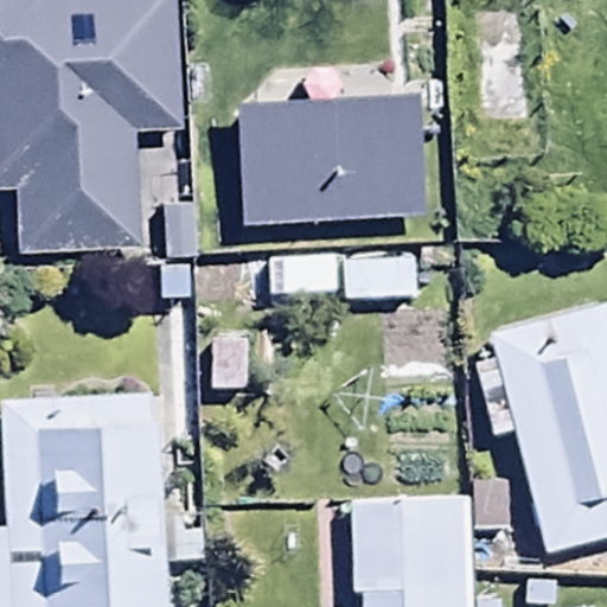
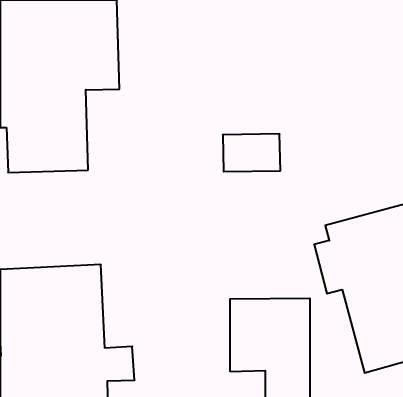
building: [231,72,421,204] -> none

